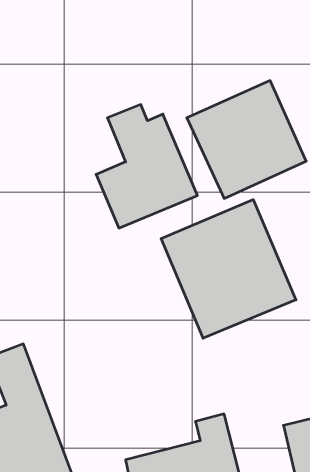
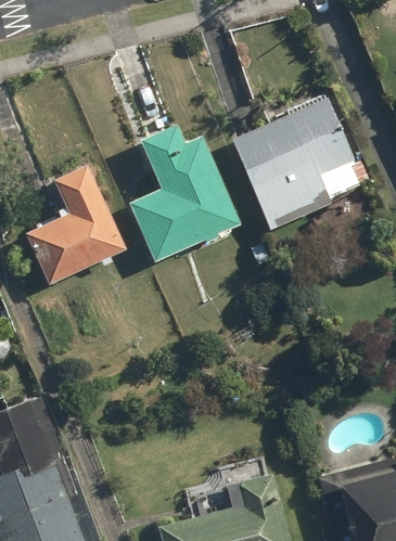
building: none -> [22,164,127,287]
building: [161,200,296,338] -> none

